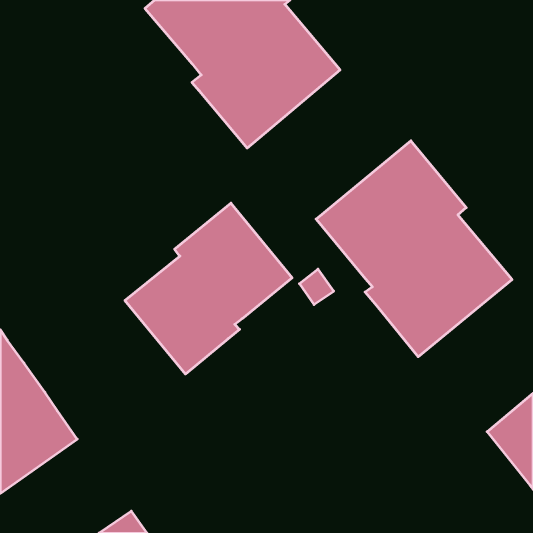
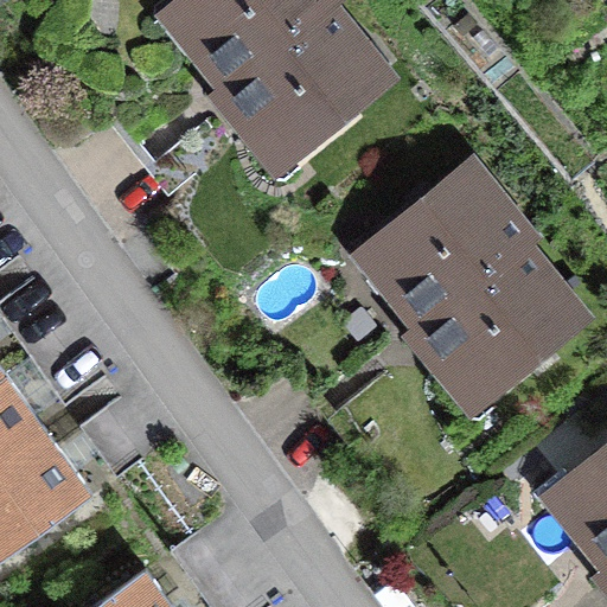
building: [125,203,292,374] -> none

